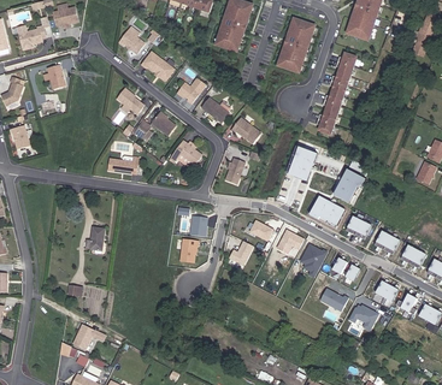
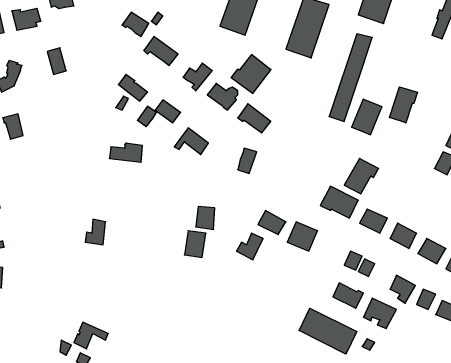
building: none -> [231,55,271,94]
building: none -> [389,87,418,123]
building: [287,146,316,179] -> [352,99,382,135]
building: [299,242,328,277] -> none
building: none -> [299,308,357,354]

